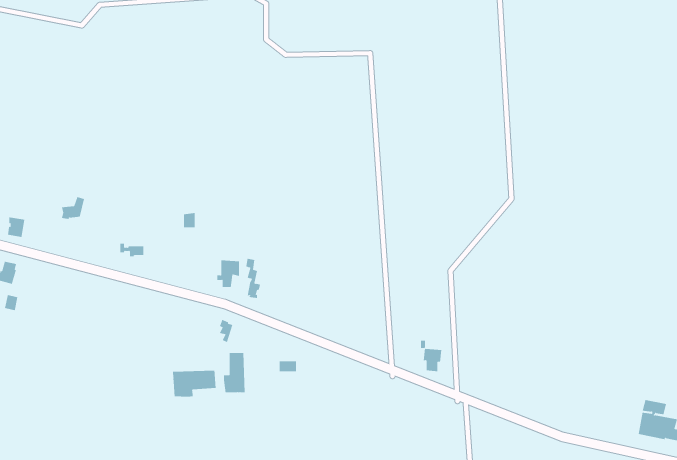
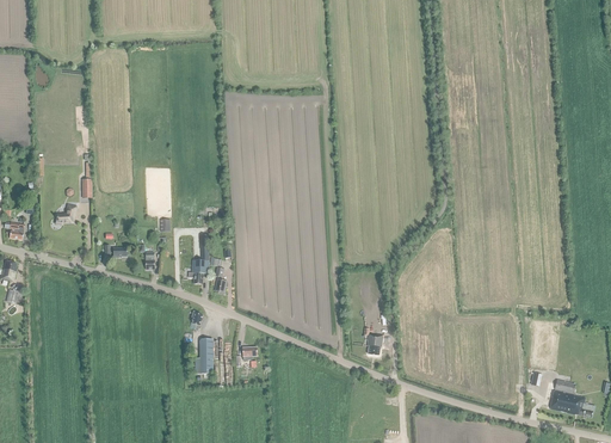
building: [172,370,216,397] -> none

